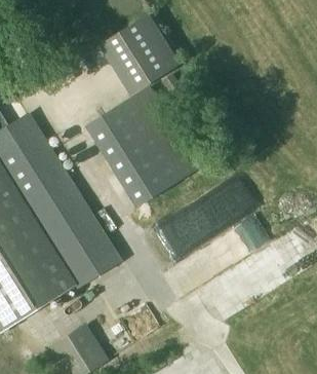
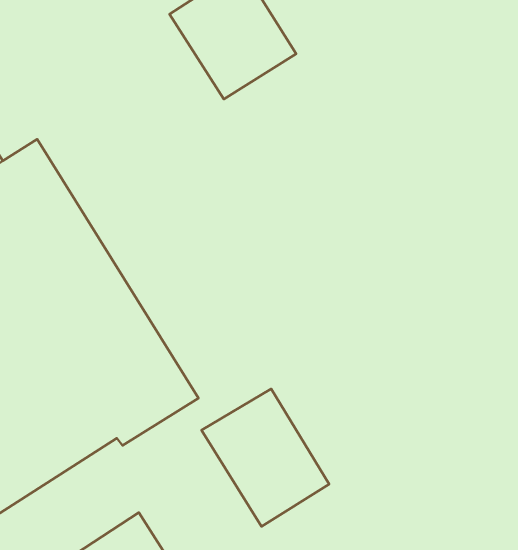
building: [87,86,201,207] -> none
building: none -> [201,389,329,526]

